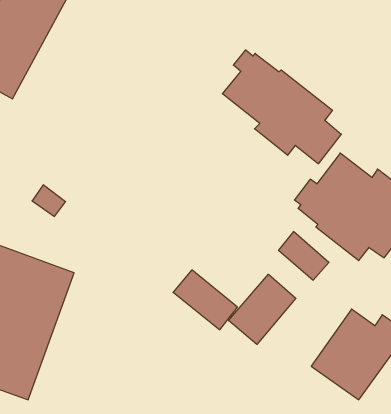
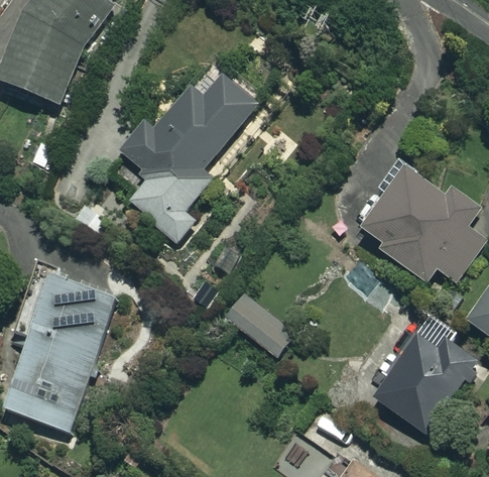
building: [222,50,341,164] -> none
building: none -> [121,74,257,242]
building: [228,274,296,344] -> none

